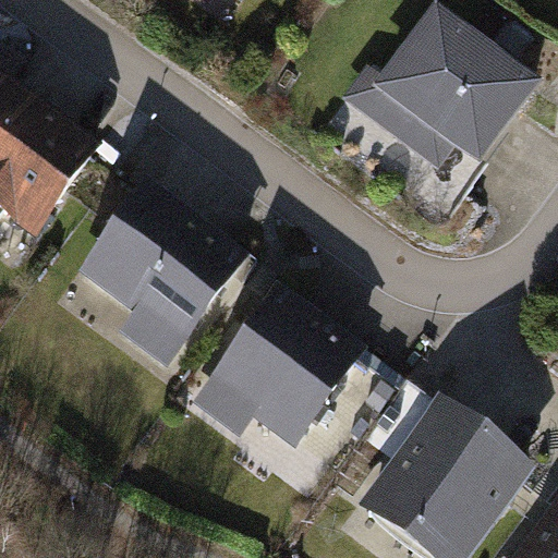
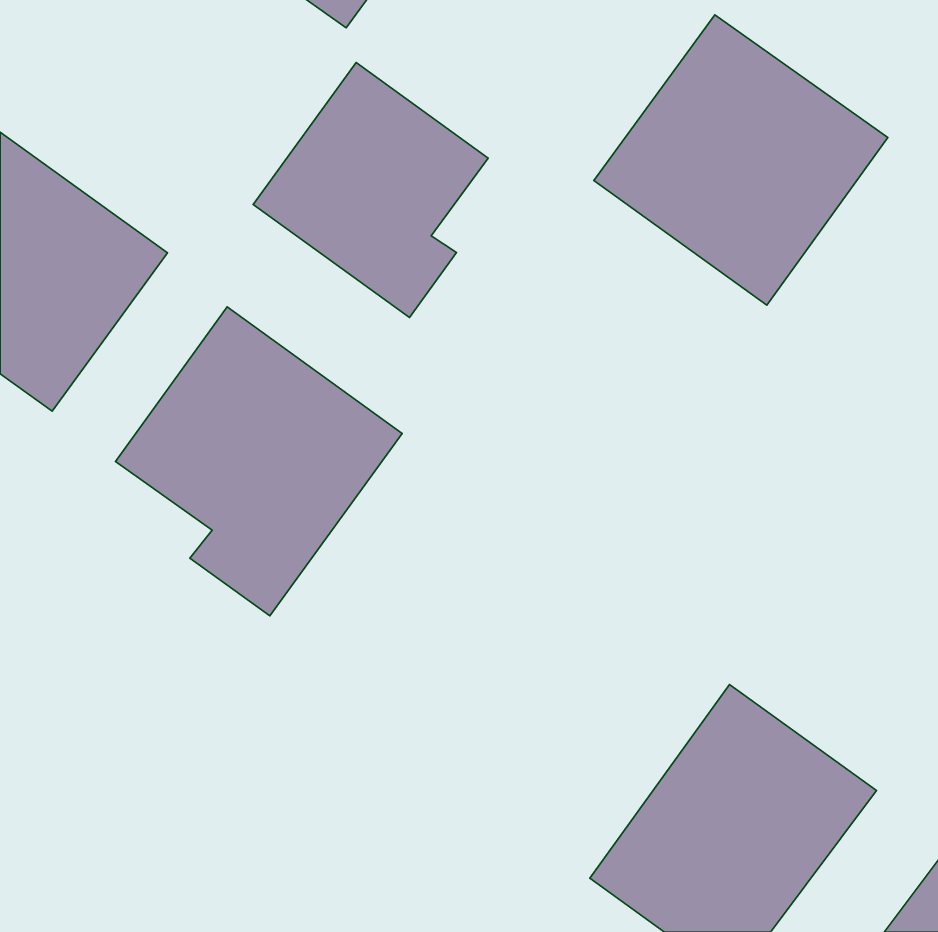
building: none -> [253,62,488,317]
building: [196,284,363,441] -> none

